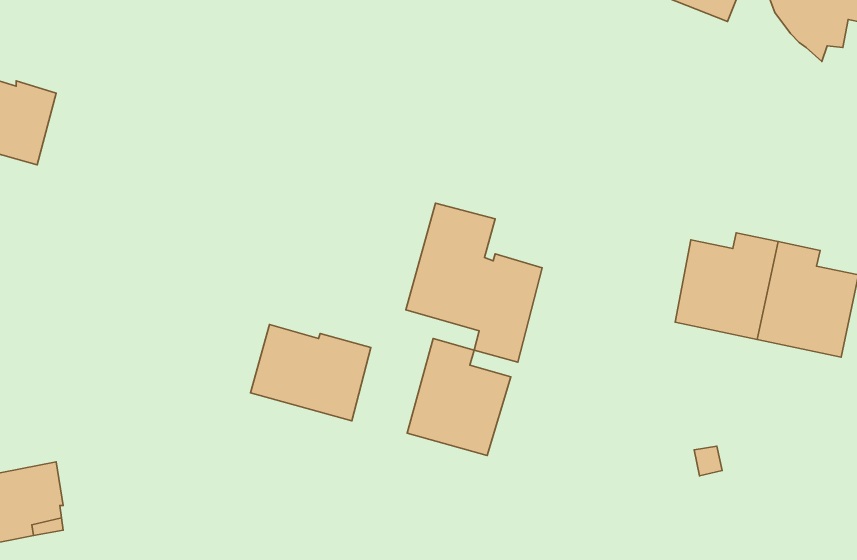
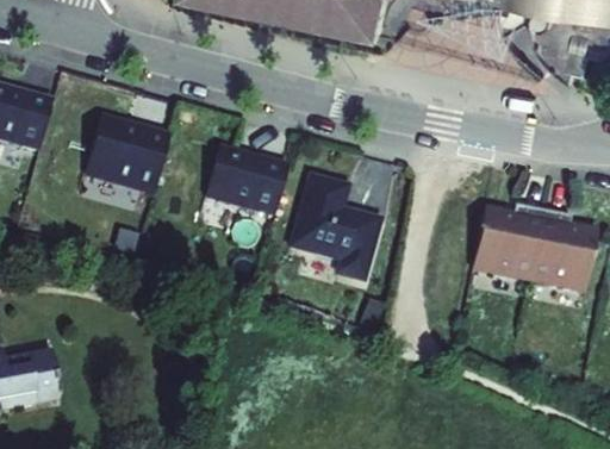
building: none -> [82,121,166,193]
building: [250,325,371,421] -> [203,154,285,219]
building: [407,338,511,456] -> none

